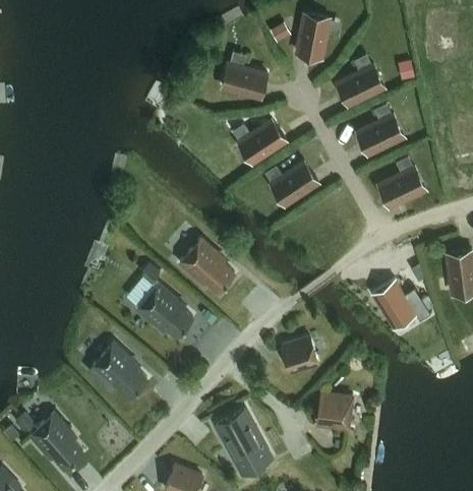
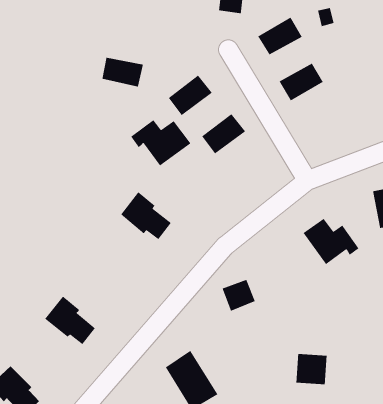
building: [222,64,268,99] -> [101,57,144,87]
building: none -> [130,119,192,167]
building: [378,168,425,207] -> none
building: [137,265,192,336] -> none
building: [316,393,352,429] -> [295,353,327,385]

